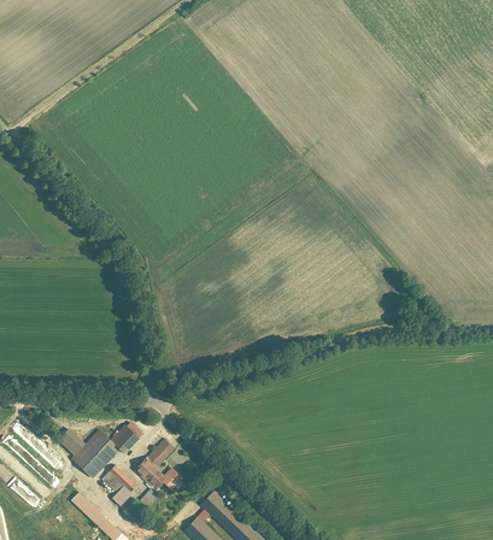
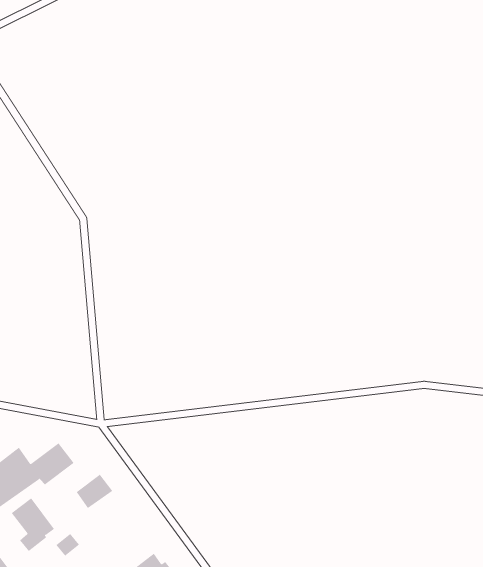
building: [136,454,187,487] -> none

